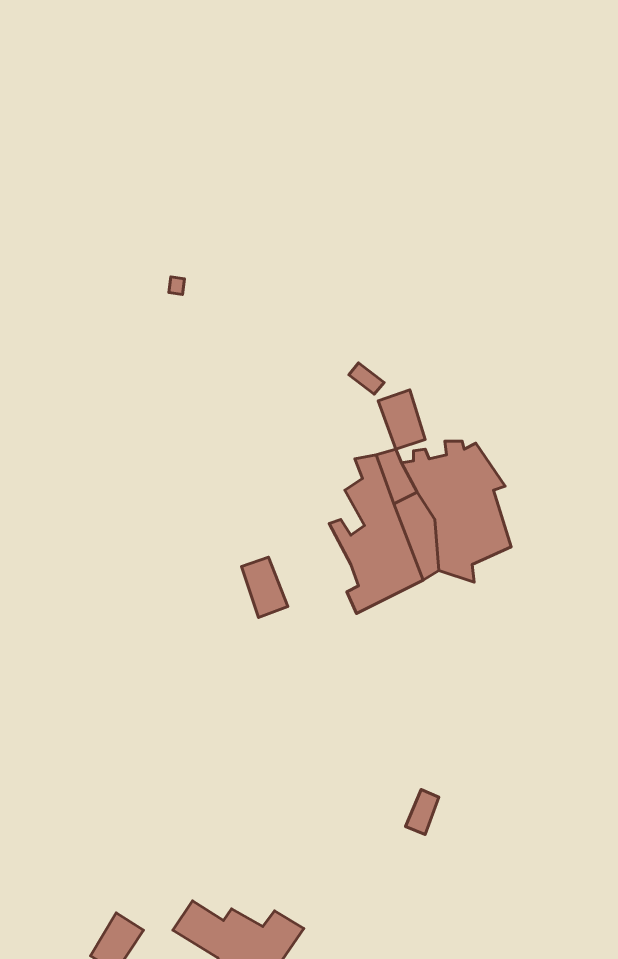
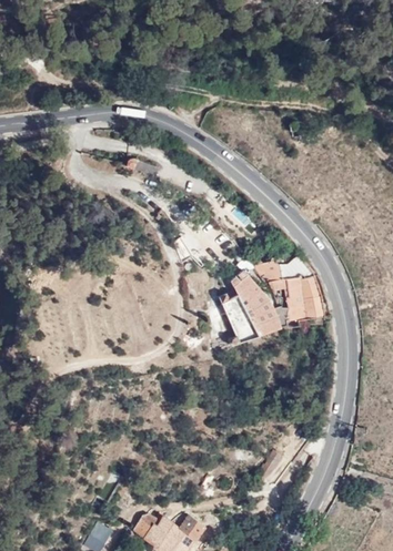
building: [378,390,425,449] -> none
building: [241,557,288,618] -> none

